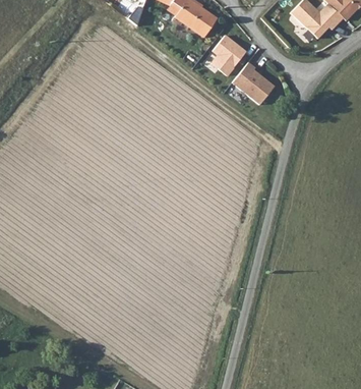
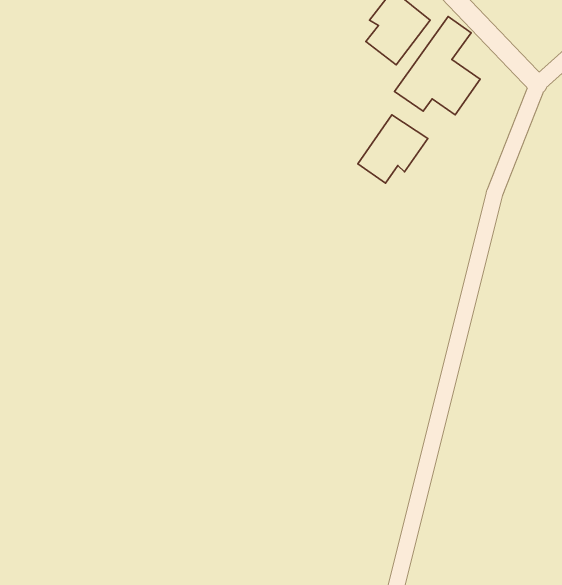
building: none -> [358,115,428,183]

